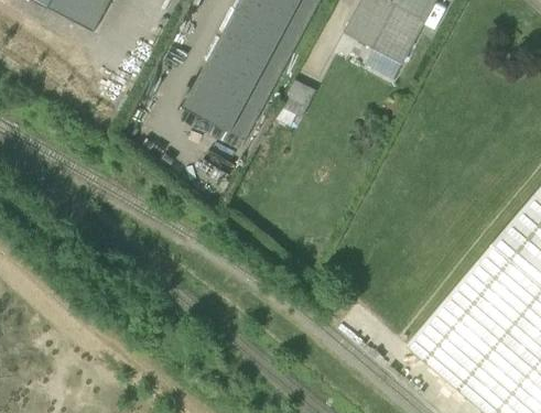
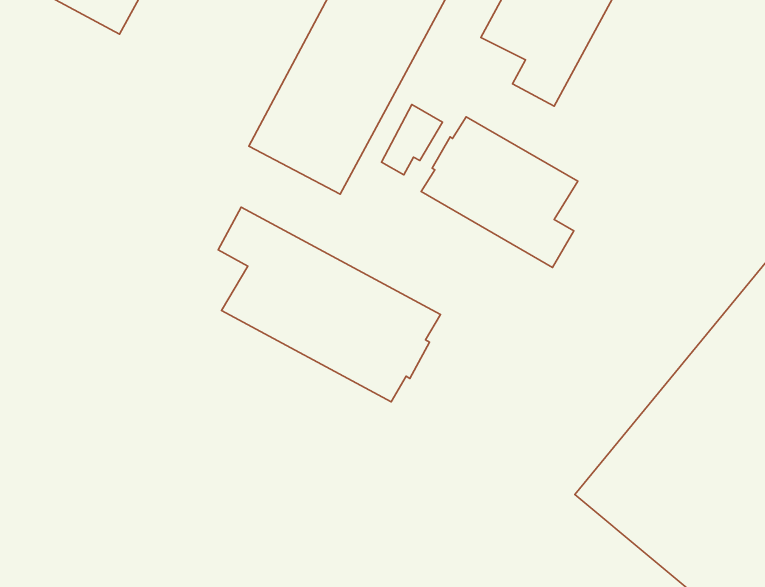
building: none -> [421,117,578,268]
building: none -> [218,207,440,402]

